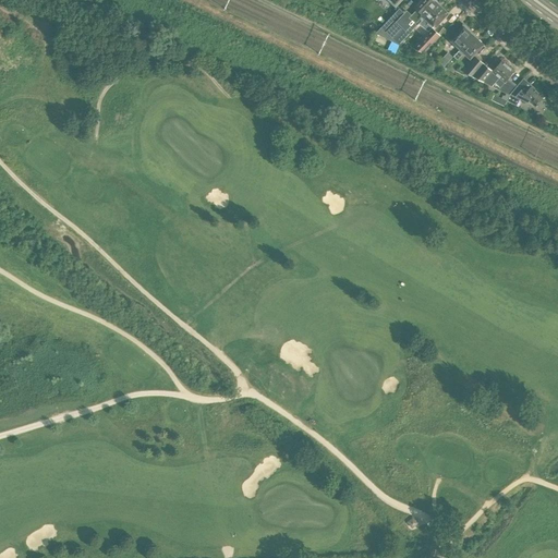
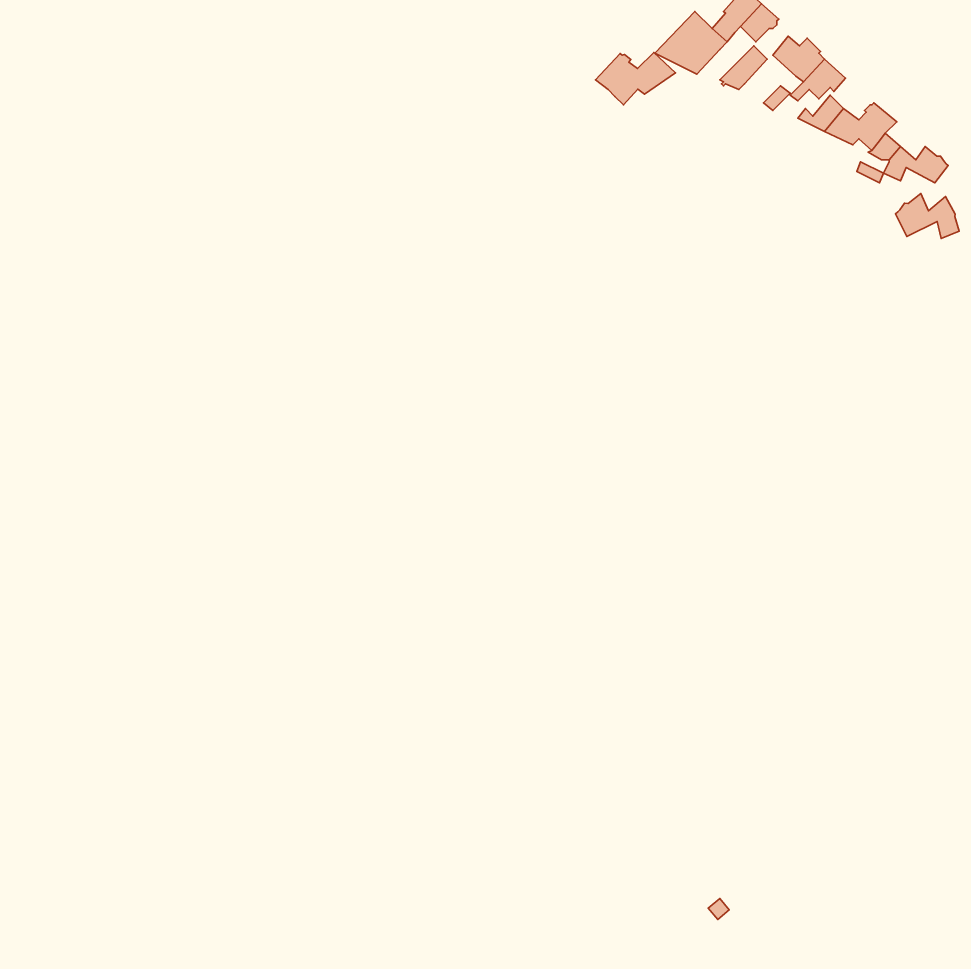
building: none -> [595,52,676,105]
building: none -> [896,193,959,238]

